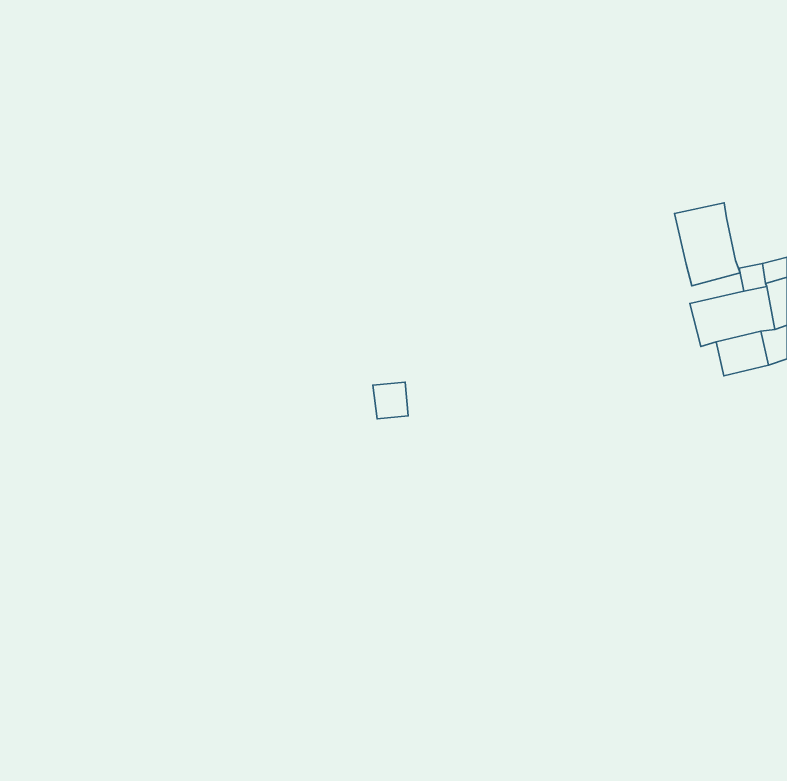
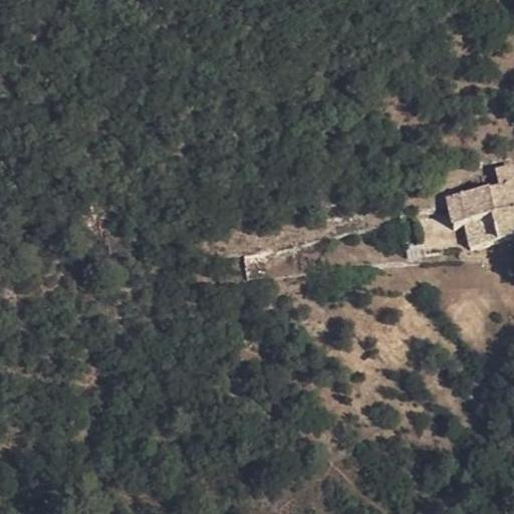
building: [675,203,740,286] -> none

